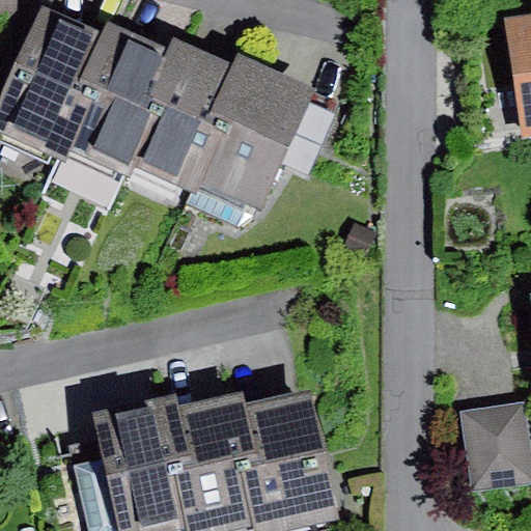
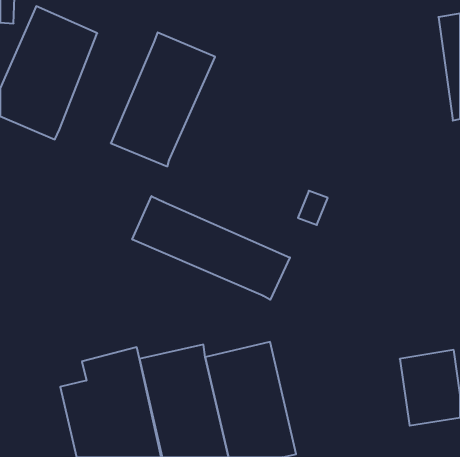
building: [68,25,177,173] -> none
building: [195,61,334,213] -> none
building: none -> [132,196,290,300]

